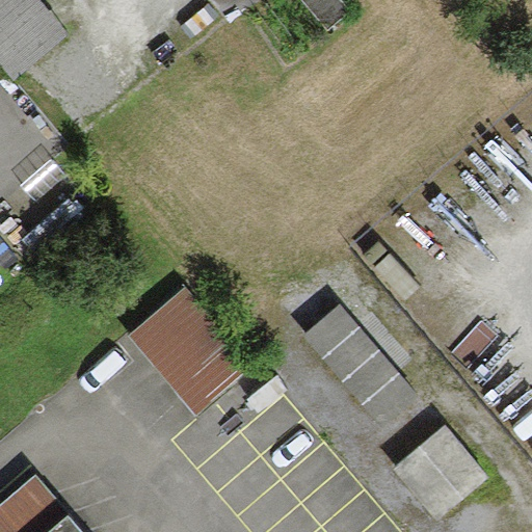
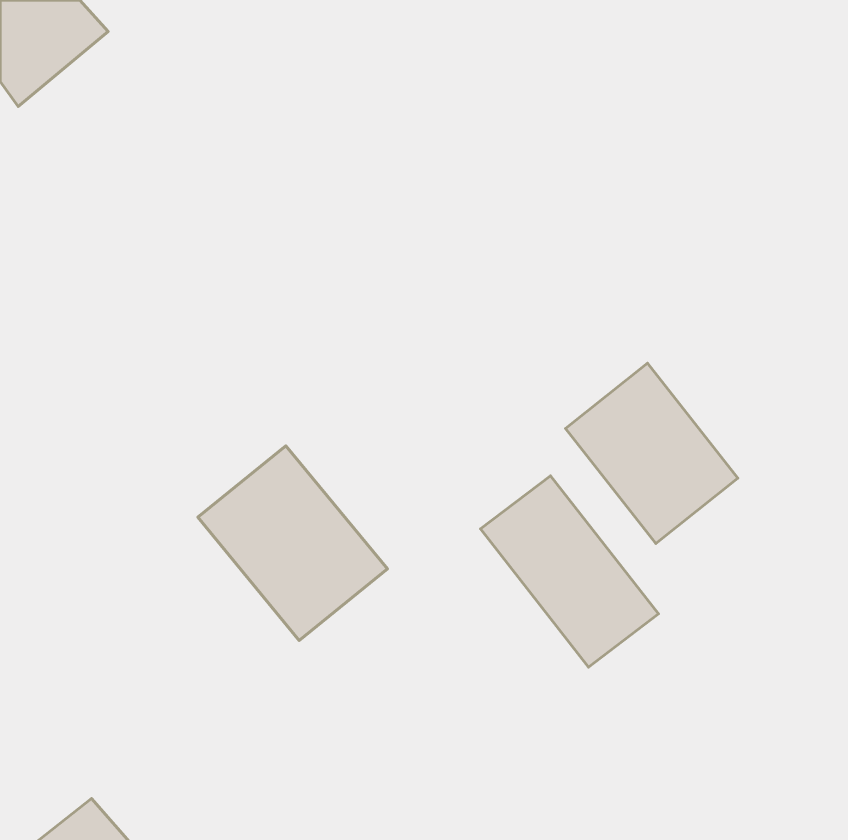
building: none -> [566,363,738,543]
building: [395,428,484,516] -> none

